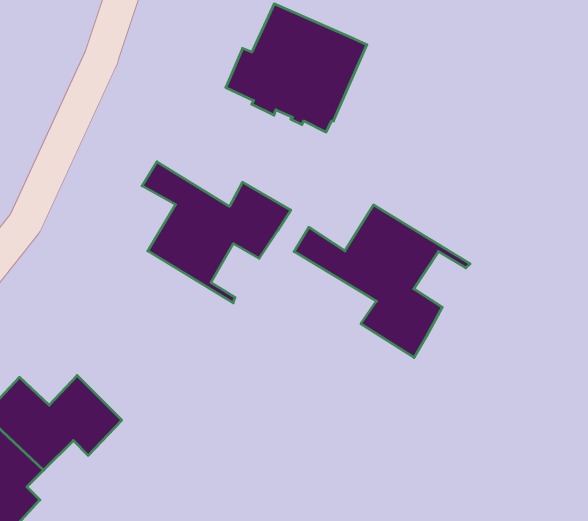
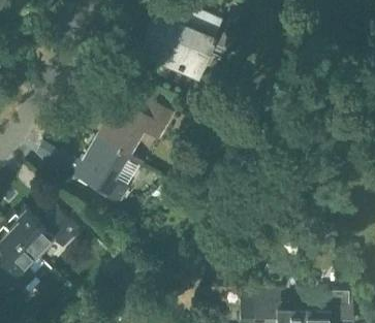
building: [294,205,470,358] -> none
building: none -> [56,140,145,209]

